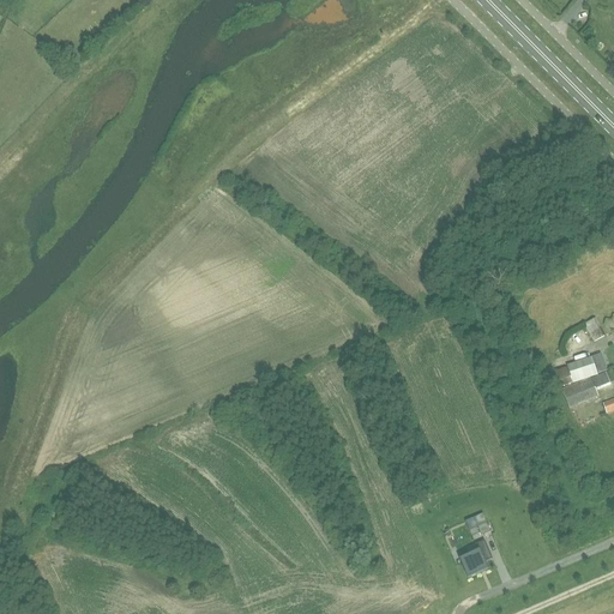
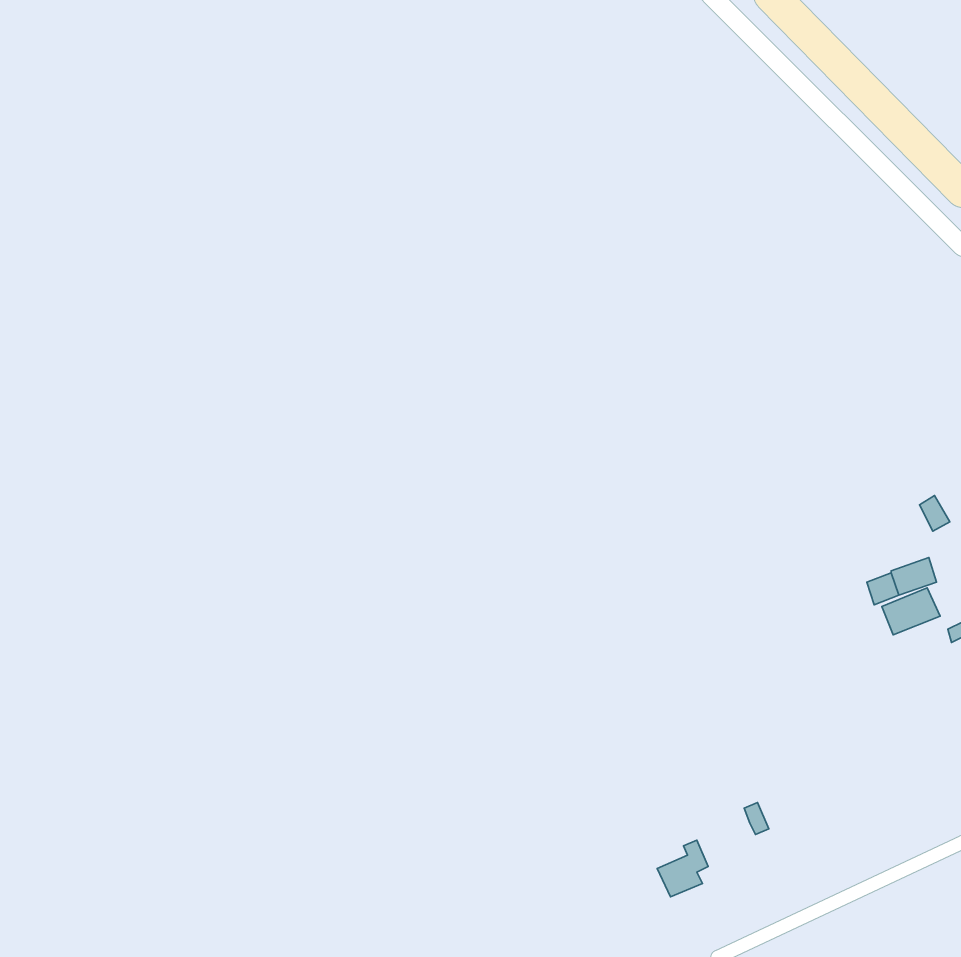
building: [460,538,493,574] -> [657,840,708,897]

